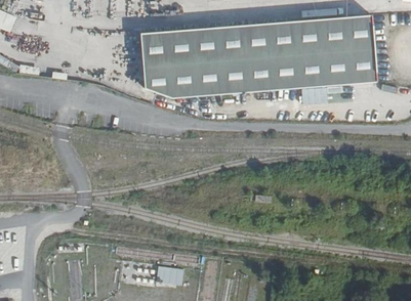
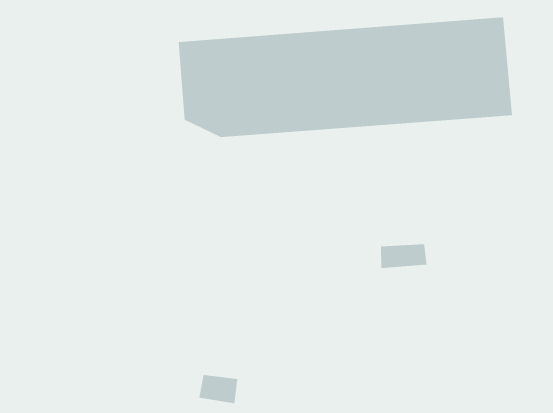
building: none -> [380,243,427,269]

